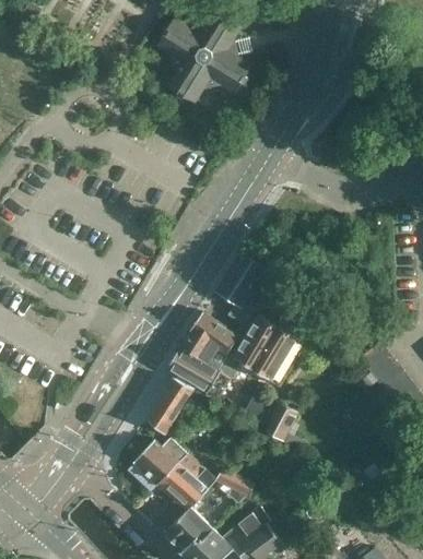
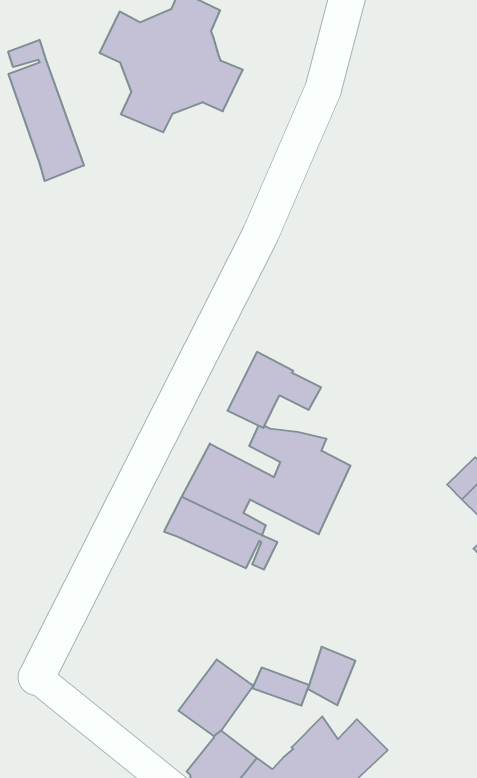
building: none -> [8,40,84,181]
building: [146,379,192,436] -> none
building: [263,403,297,443] -> [308,647,355,705]
building: [127,438,192,492] -> none

